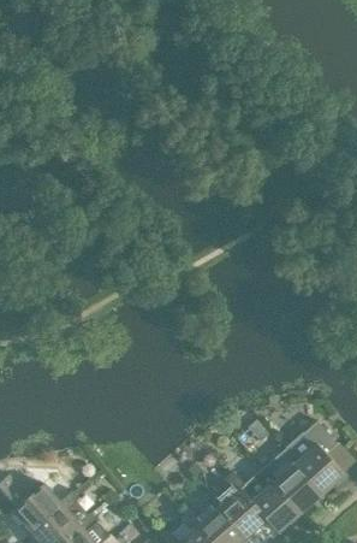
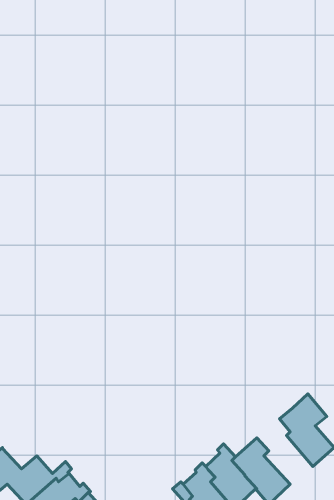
building: [266,448,322,514] -> none

